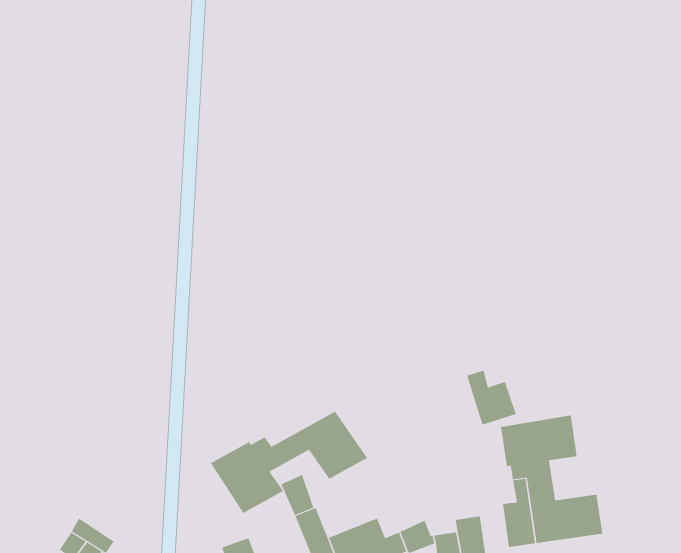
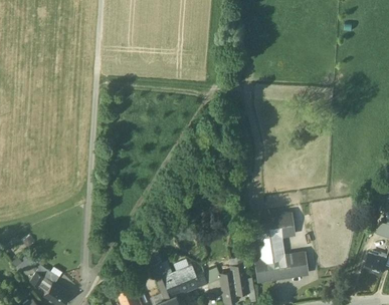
building: [467,370,516,426] -> none
building: [210,411,368,514] -> none

